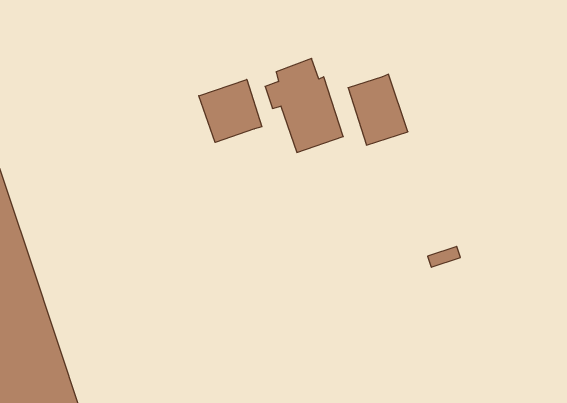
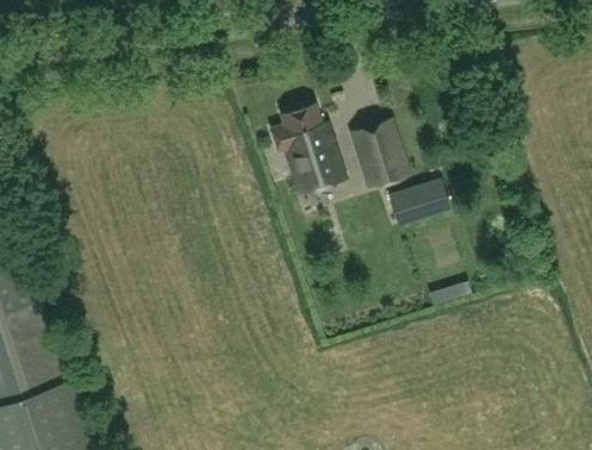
building: [199,79,262,142] -> none
building: none -> [384,179,451,226]

